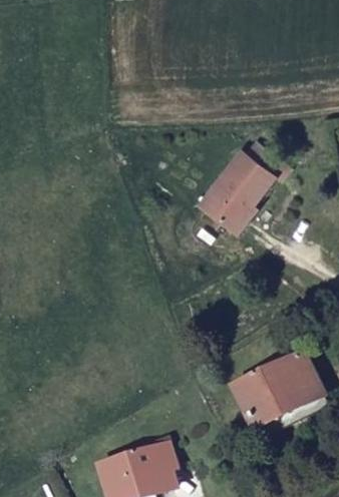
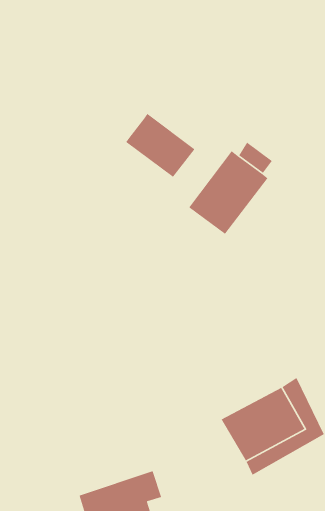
building: none -> [125,113,195,178]

